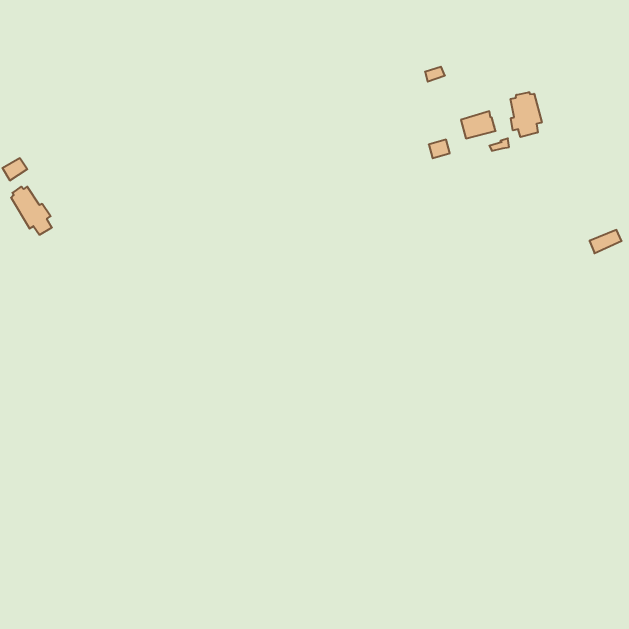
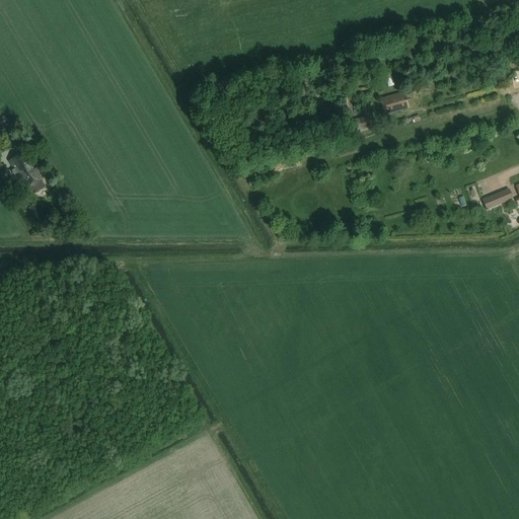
building: [511,92,542,137] -> none

